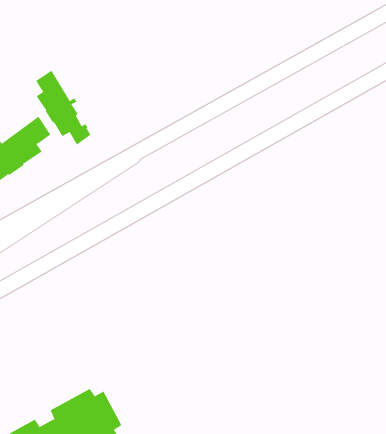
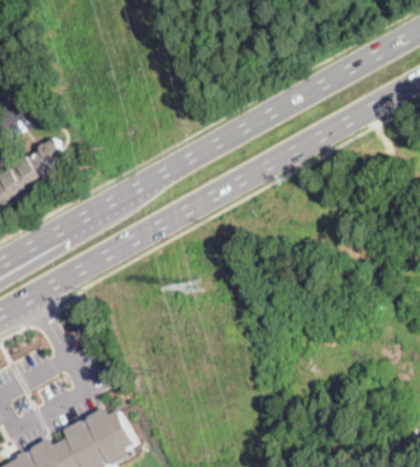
building: [36,70,91,145] -> none

